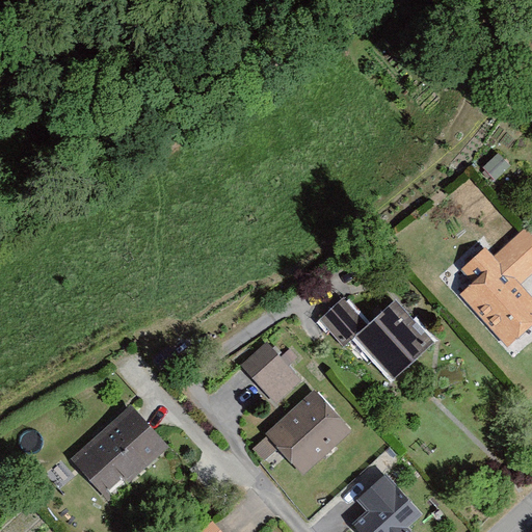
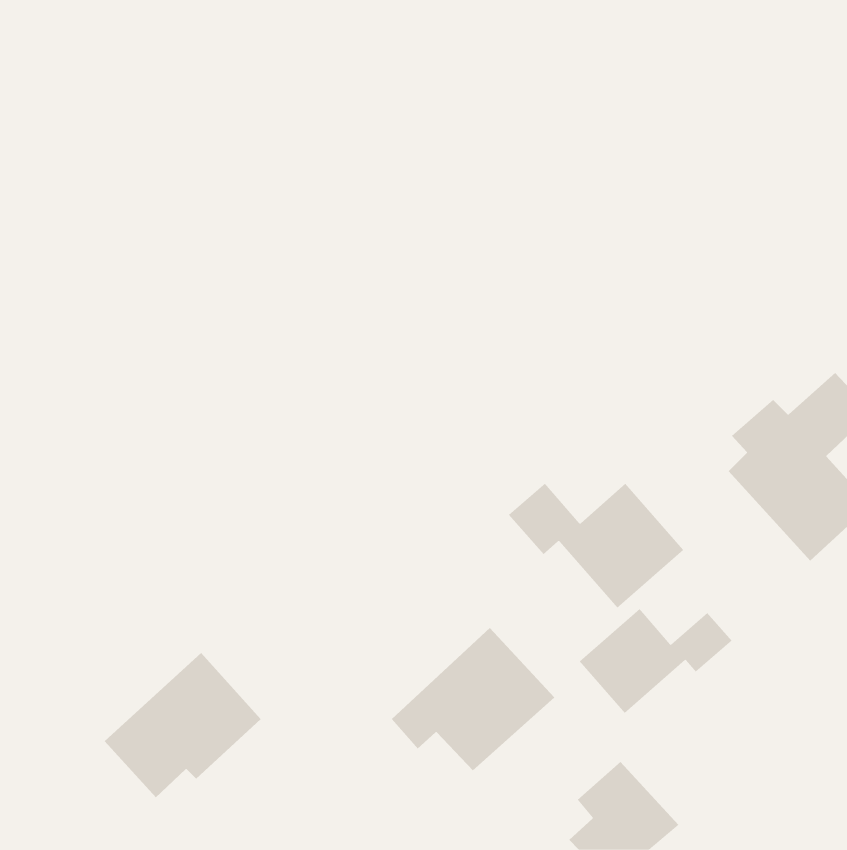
building: [245,345,302,402] -> none
building: none -> [579,608,732,714]

